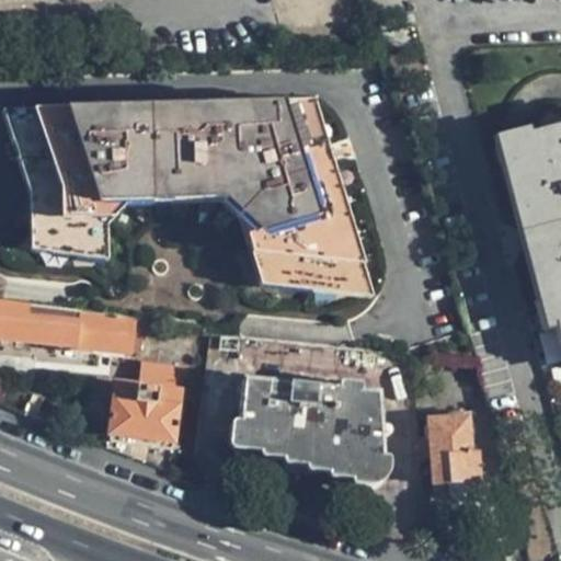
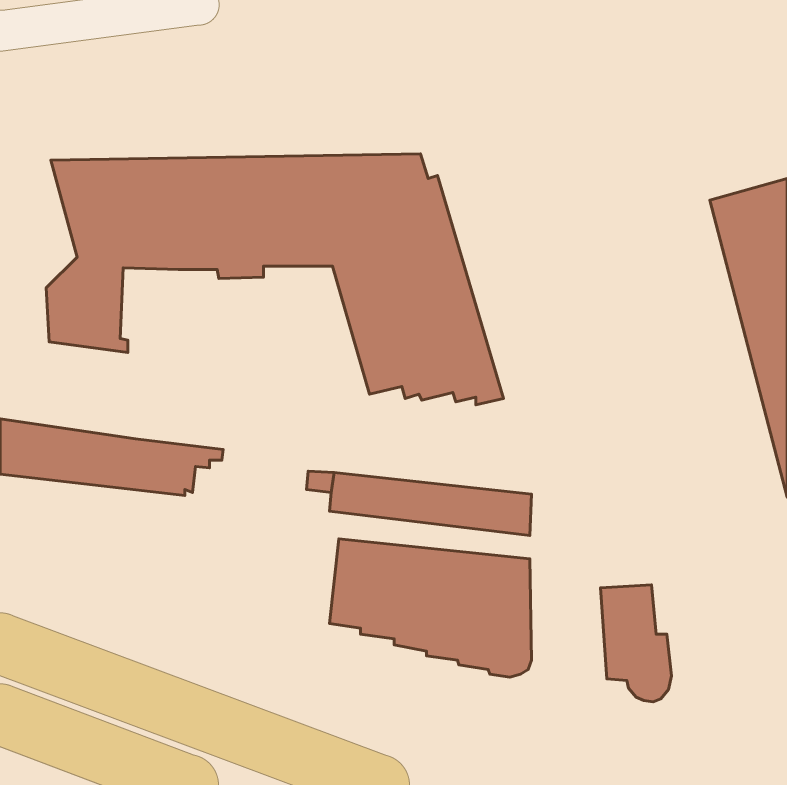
building: [10,114,55,205] -> none
building: [85,191,127,253] -> none
building: [110,365,180,443] -> none

